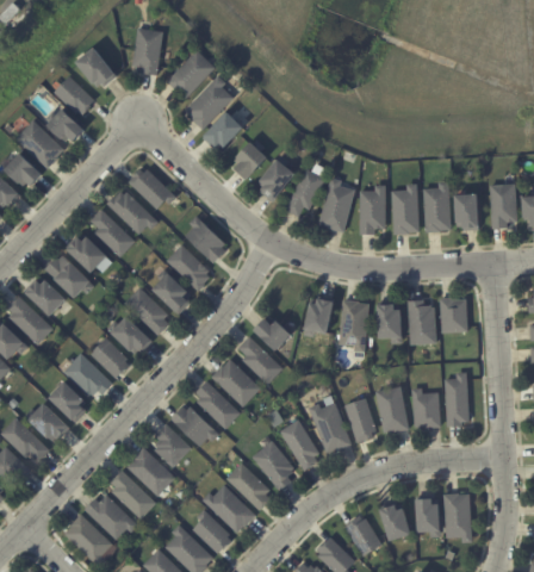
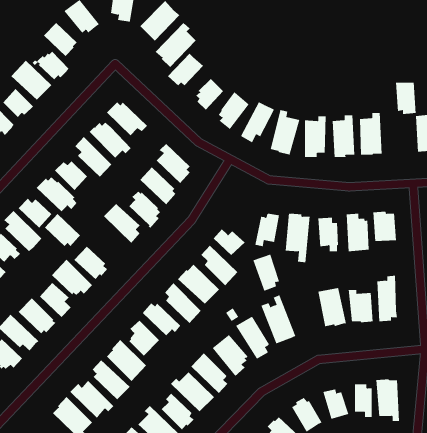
building: [455,192,480,230] -> [395,82,416,115]
building: [111,316,154,355] -> [44,213,81,247]
building: [344,398,377,442] -> [252,254,280,291]

